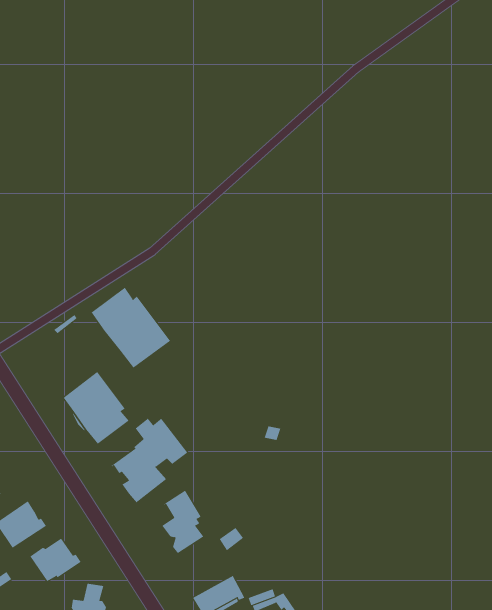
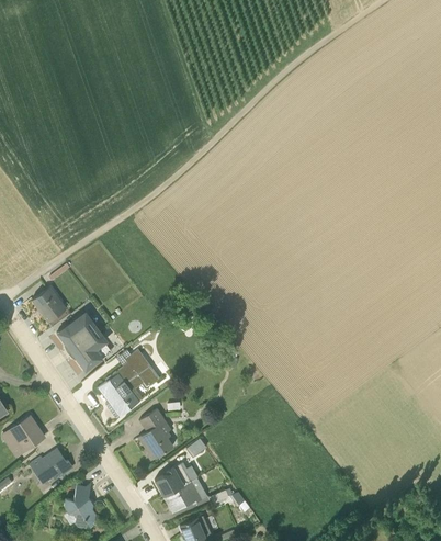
building: [91,287,171,369] -> none
building: none -> [32,286,66,322]
building: none -> [155,462,197,497]

